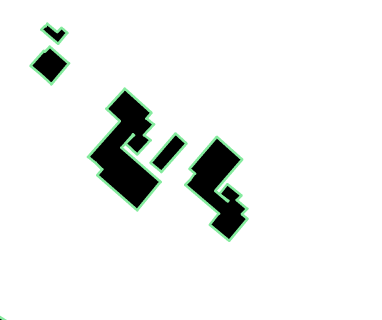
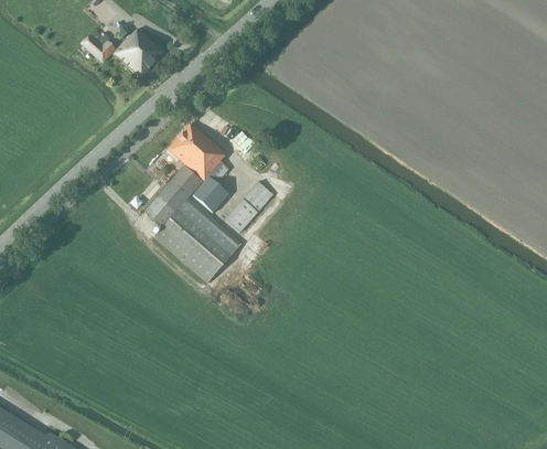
building: [31,47,69,84] -> [112,29,163,78]
building: [185,137,247,241] -> none

